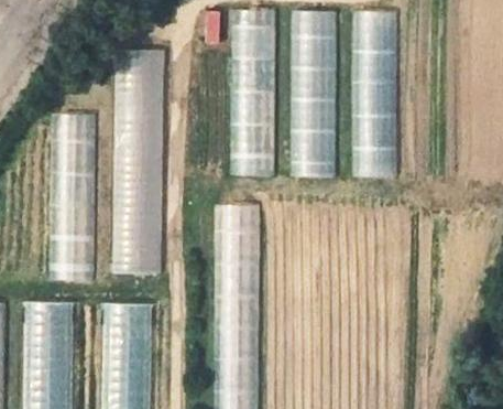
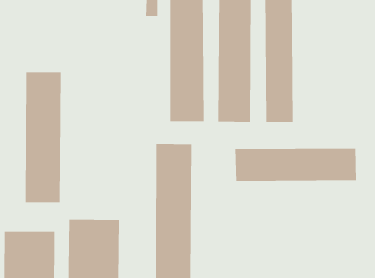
building: [111,47,164,272] -> none
building: none -> [235,148,357,182]

